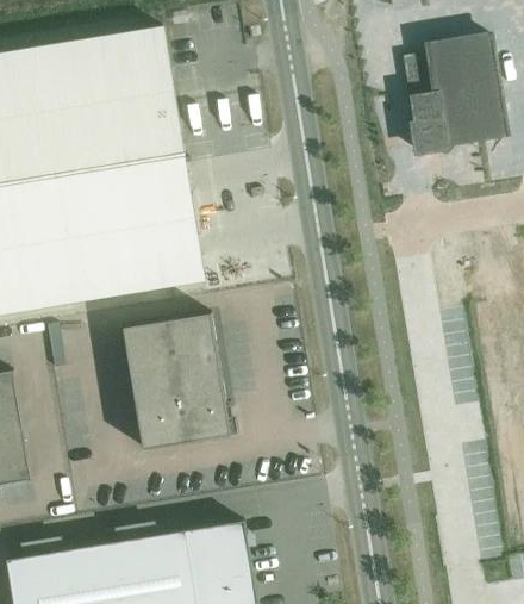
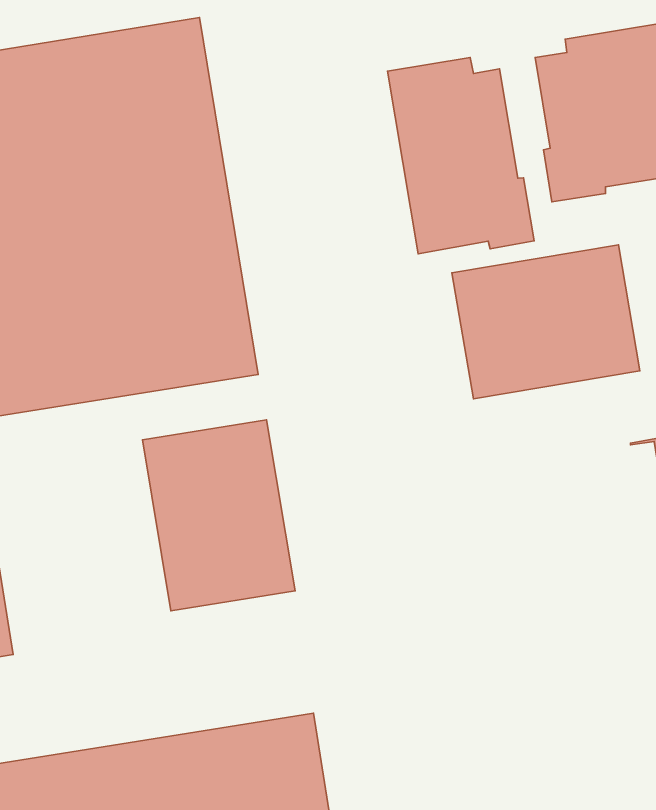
building: none -> [388,57,534,254]
building: none -> [452,245,640,399]

